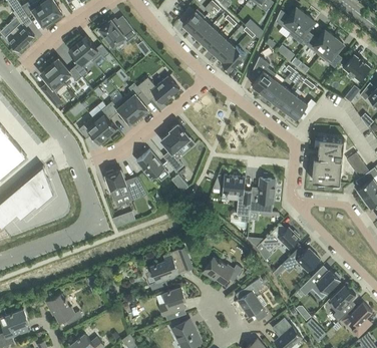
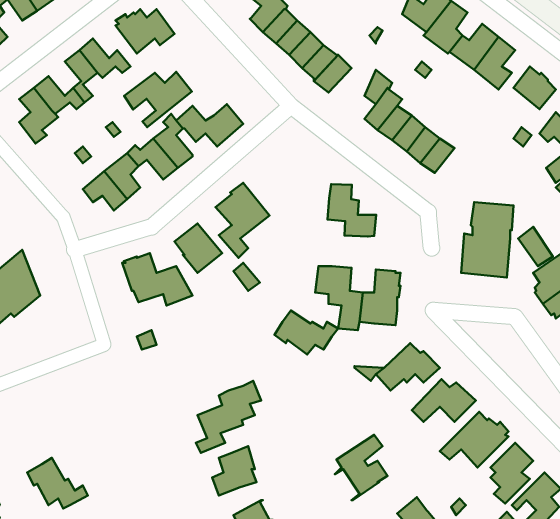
building: none -> [124,72,192,127]
building: none -> [327,184,376,236]
building: [204,258,243,285] -> [274,310,338,355]

